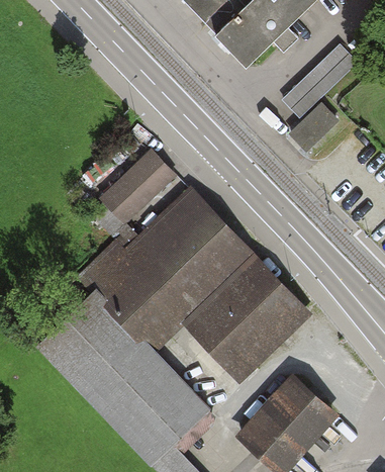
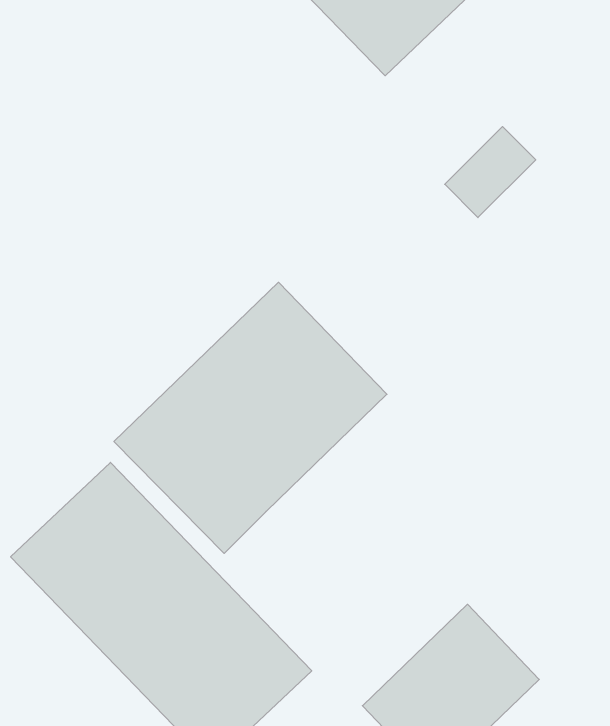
building: [279,40,355,114] -> none
building: [97,150,172,222] -> none
building: [183,253,312,381] -> none

